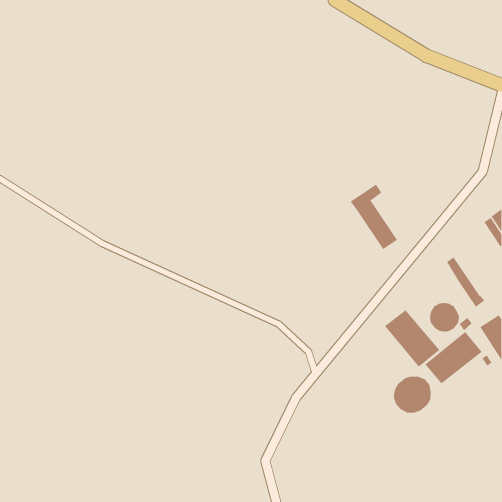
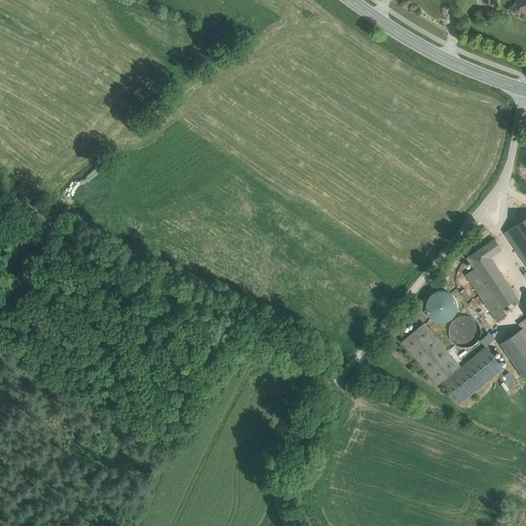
building: [350,184,398,251] -> [467,239,518,309]
building: none -> [423,287,460,323]
building: [393,376,431,414] -> none

